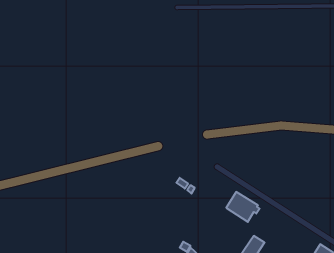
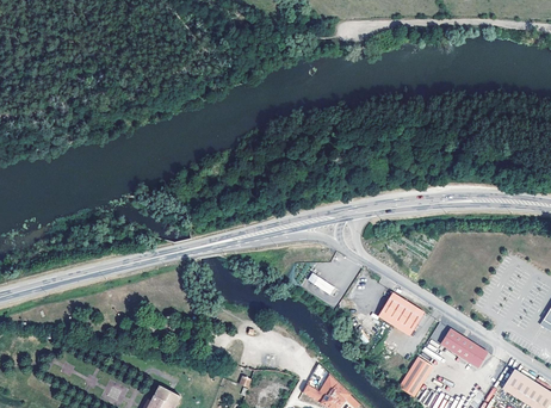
building: none -> [440,328,488,367]

